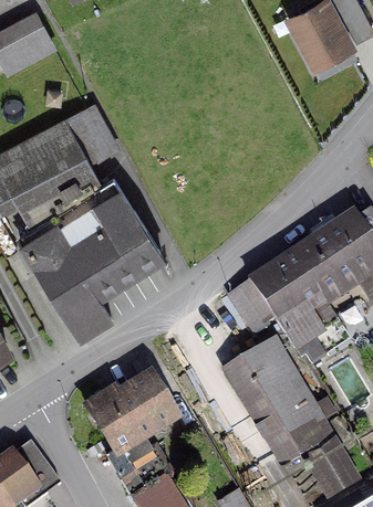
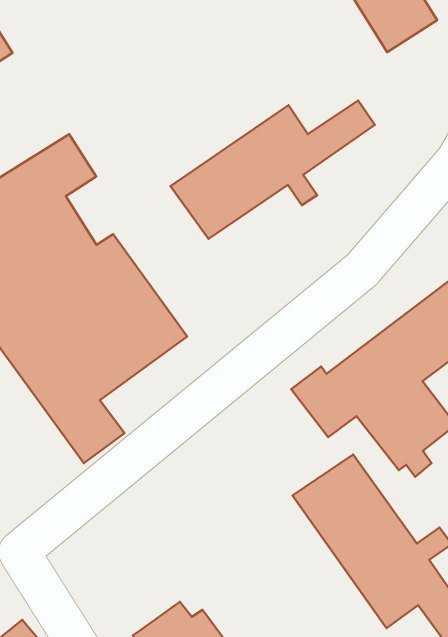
building: none -> [171,100,375,239]
building: [84,378,175,452] -> none

